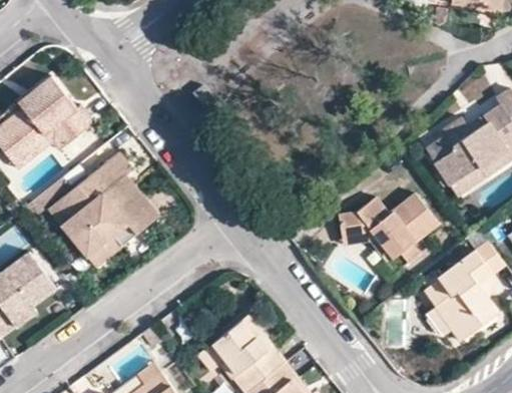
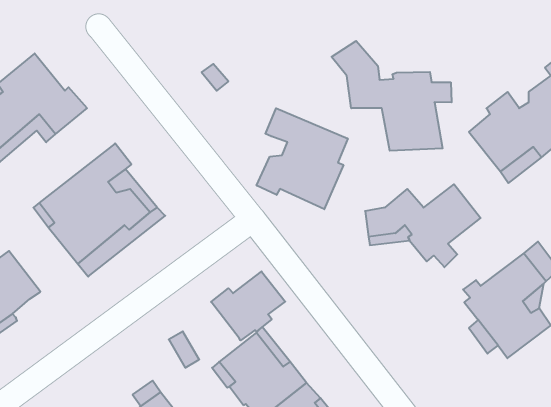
building: none -> [332,41,452,151]
building: none -> [257,108,348,209]
building: none -> [211,271,285,340]

